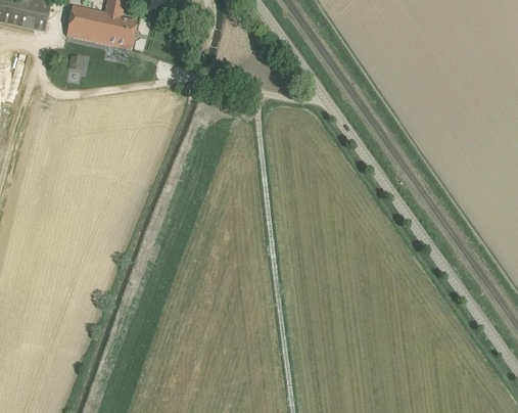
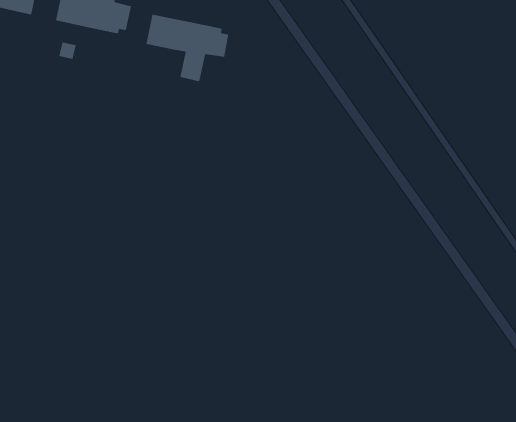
building: none -> [146,14,229,82]

